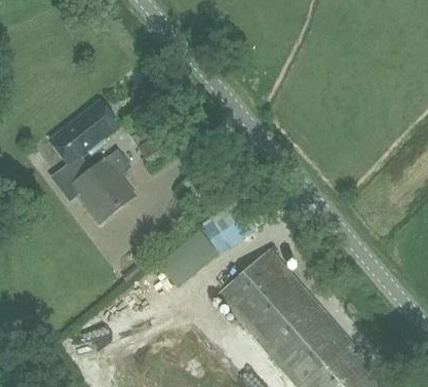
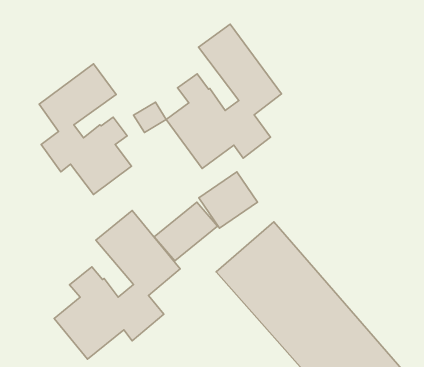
building: none -> [166,24,282,168]
building: none -> [54,211,180,359]

